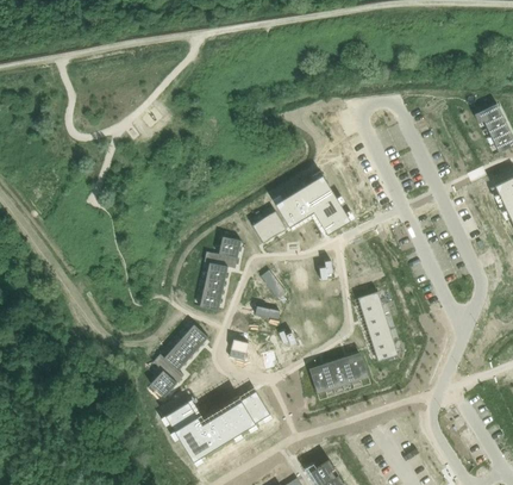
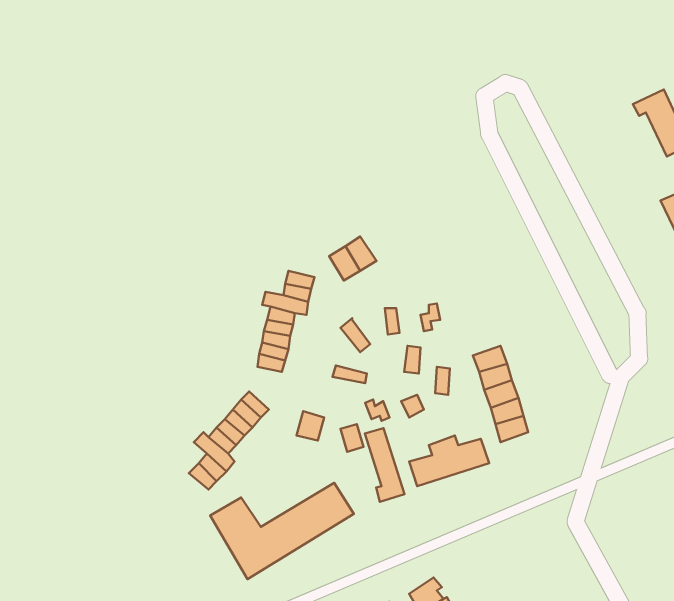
building: [275,175,350,235] -> none
building: none -> [365,428,404,502]

